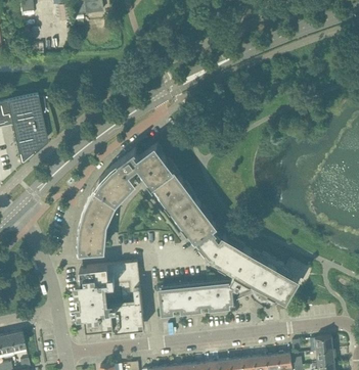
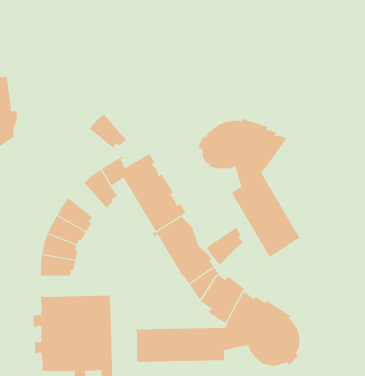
building: none -> [198,118,301,258]
building: [94,173,126,200] -> [89,114,127,149]
building: none -> [206,227,244,266]

